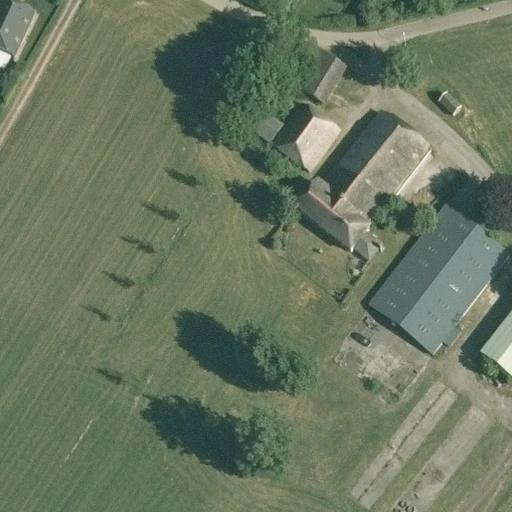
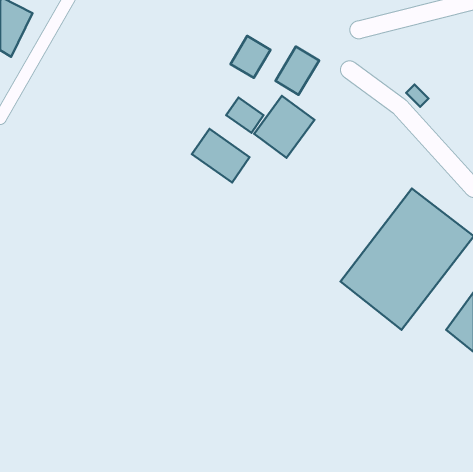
building: none -> [230,36,270,78]
building: [298,111,430,260] -> none
building: none -> [192,129,250,183]

